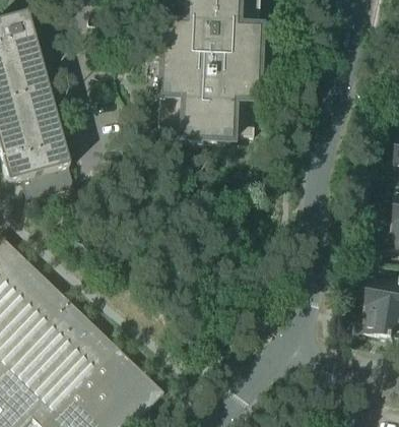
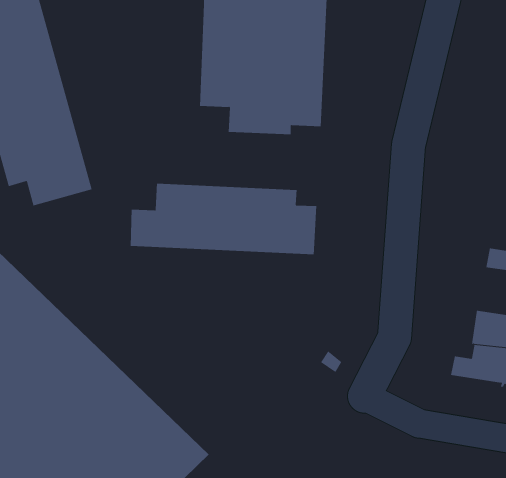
building: none -> [130,183,317,255]

